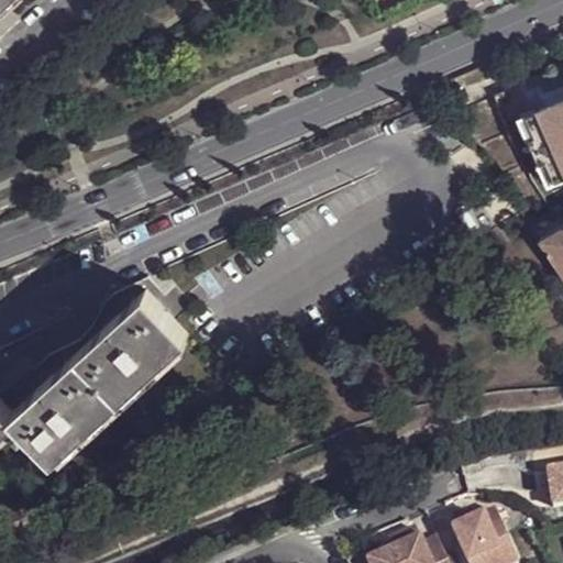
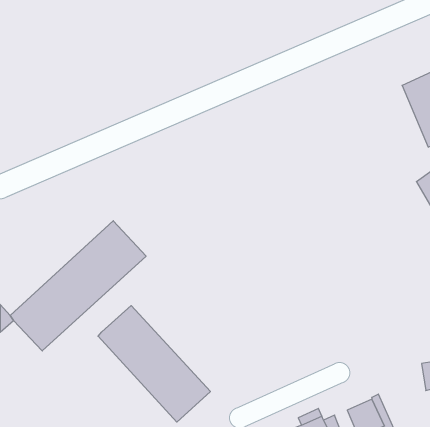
building: none -> [98,306,210,422]

